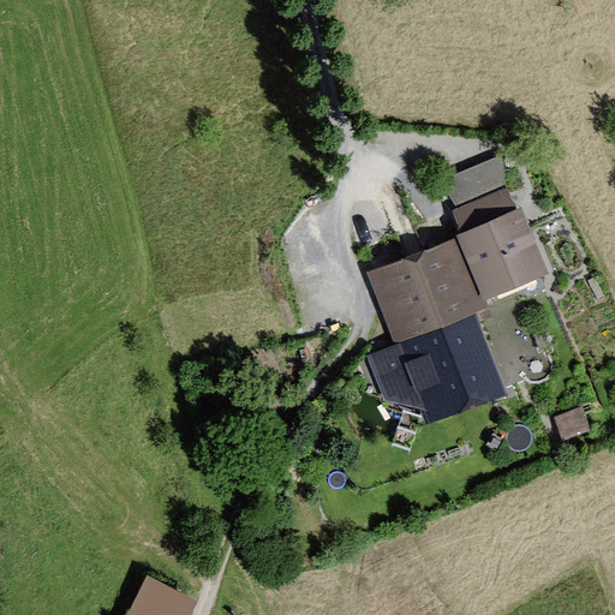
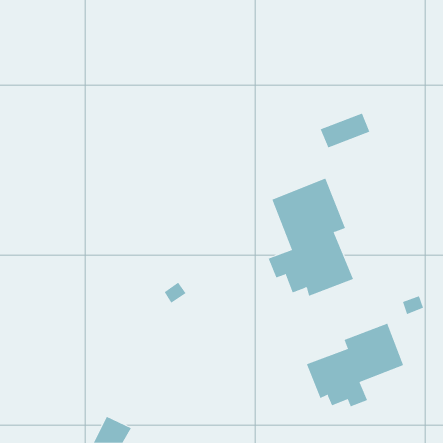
building: [458,193,537,288] -> none
building: none -> [306,323,404,407]

